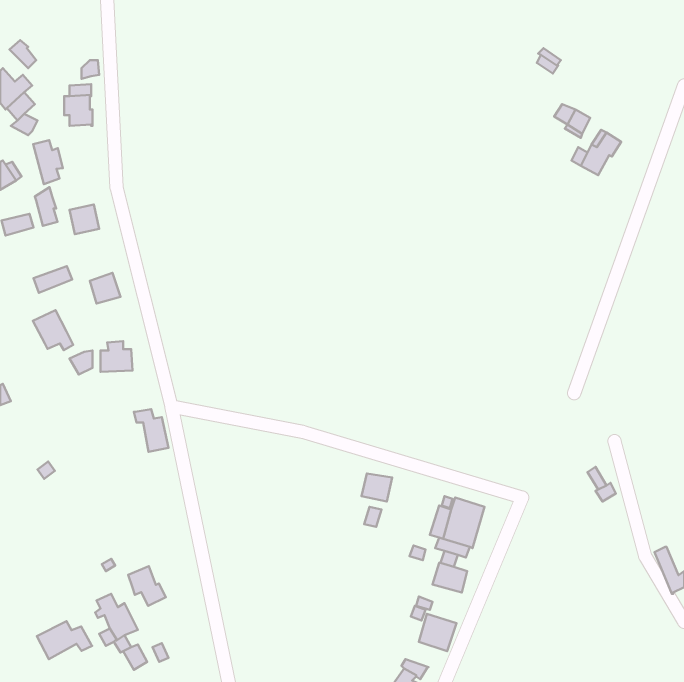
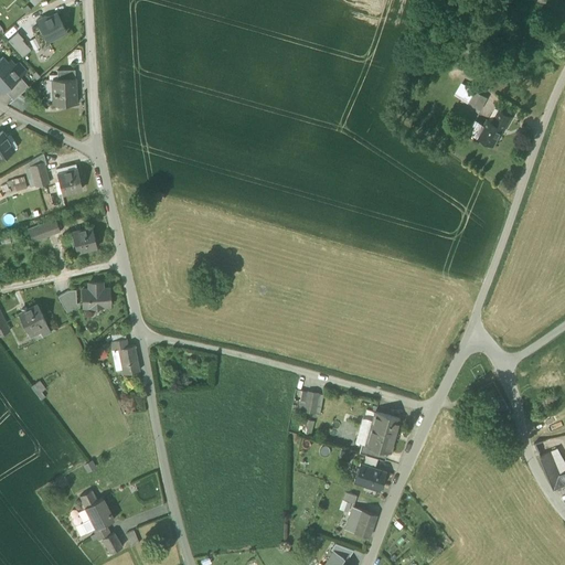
building: none -> [32,14,66,49]
building: [33,140,63,184] -> none
building: [33,310,73,350] -> [18,306,51,339]
building: [128,566,166,606] -> none
building: [37,621,92,659] -> none

